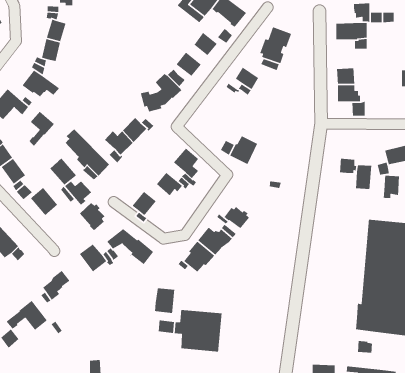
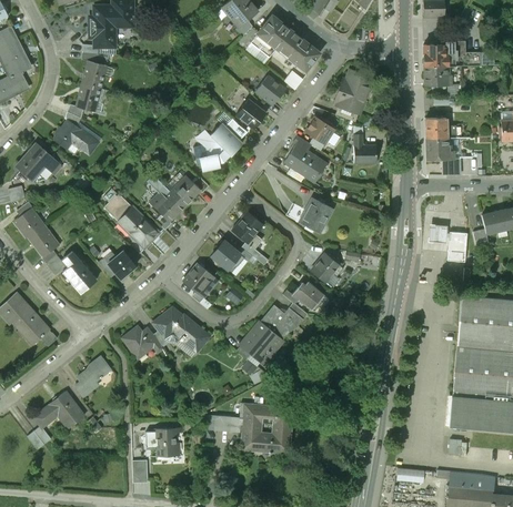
building: none -> [423,44,454,65]
building: none -> [353,134,375,163]
building: none -> [282,144,326,183]
building: [28,111,55,147] -> none
building: [50,157,77,185] -> none
building: [383,175,400,199] -> none
building: none -> [310,253,342,282]
building: [79,202,106,231] -> none
building: [154,288,175,314] -> none
building: none -> [145,428,179,455]

